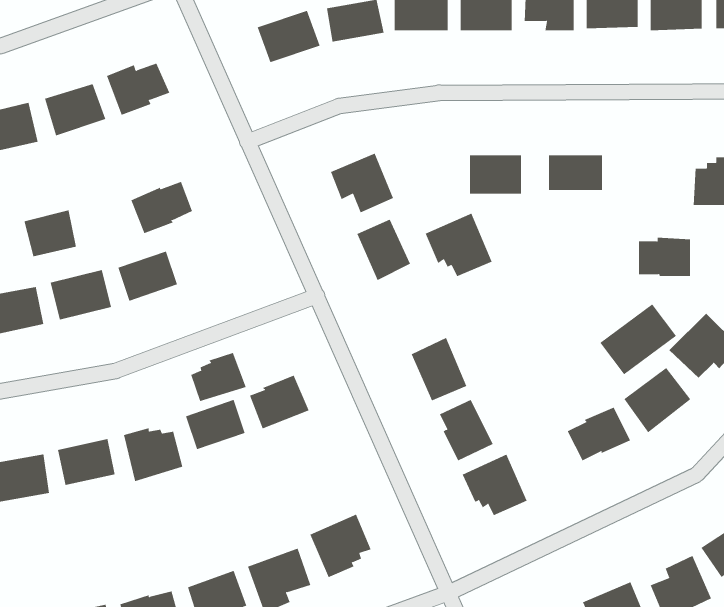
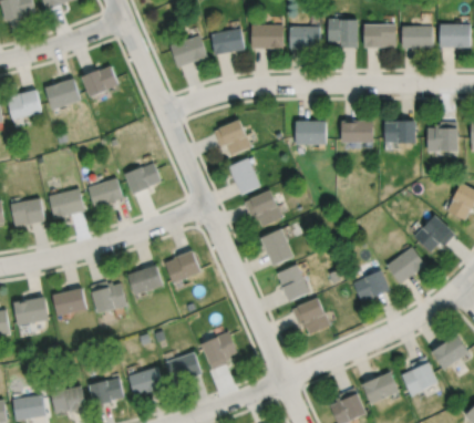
building: [131,181,193,234] -> [124,163,161,194]
building: [24,210,77,257] -> none
building: [425,213,492,277] -> [243,188,282,226]
building: [638,237,691,277] -> [384,120,415,143]
building: [599,303,677,375] -> none
building: [191,352,246,402] -> none

